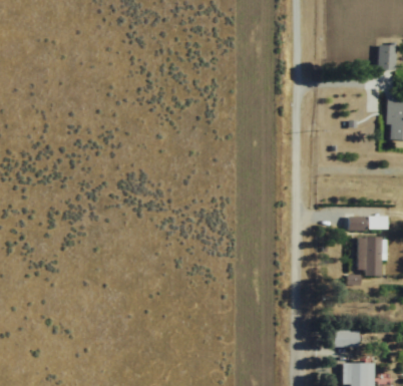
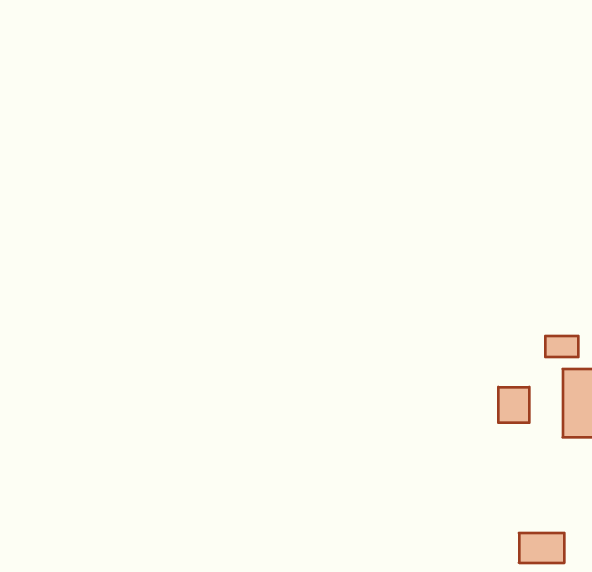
building: none -> [498,387,529,423]

